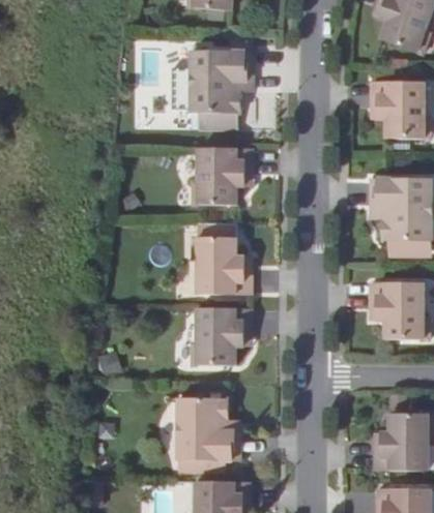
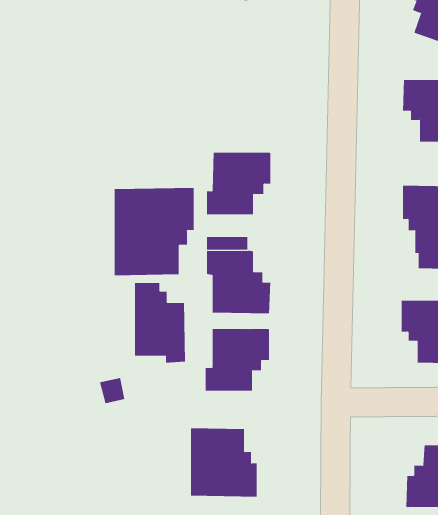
building: [190,51,252,113] -> none
building: none -> [114,187,194,276]
building: none -> [135,282,185,364]

